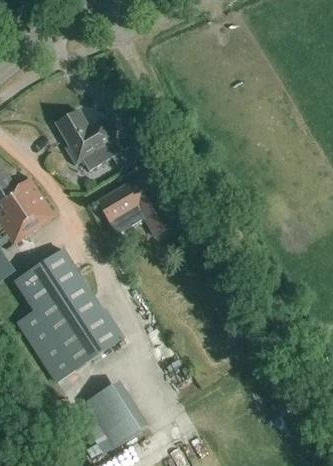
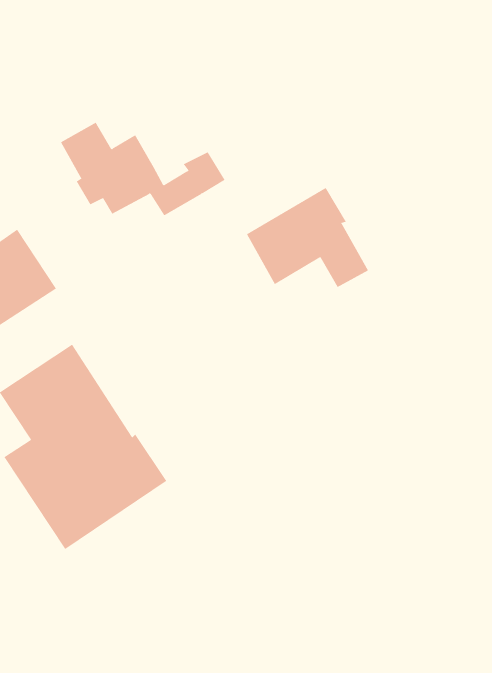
building: [97,171,175,235] -> [246,187,369,288]
building: [84,375,150,452] -> none

